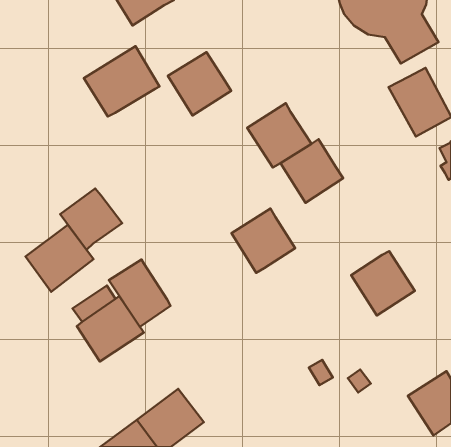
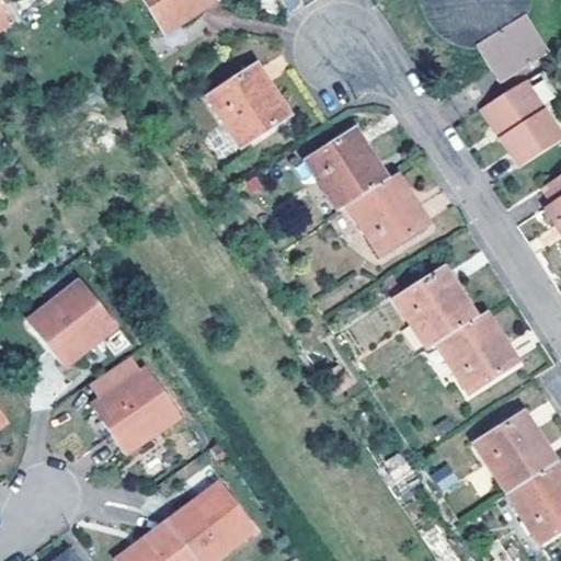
building: [84,46,160,116] -> none
building: [60,188,122,250] -> none
building: [232,208,295,273] -> [396,267,474,347]
building: [109,260,171,327] -> none
building: none -> [474,412,554,492]

